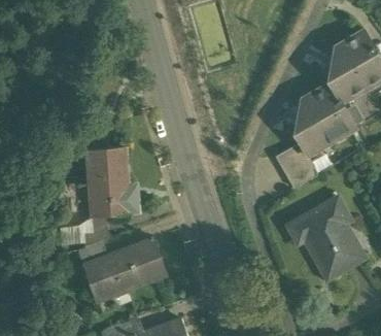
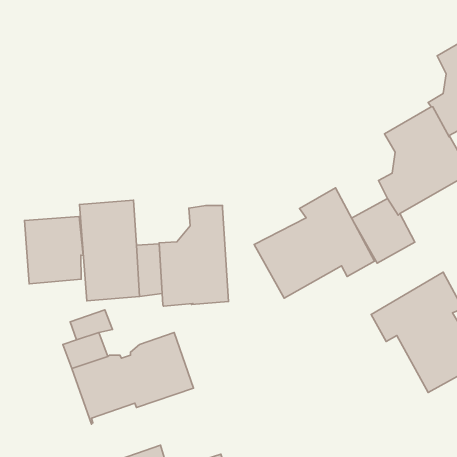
building: none -> [254,188,375,298]
building: none -> [159,205,228,306]
building: none -> [24,216,83,284]

